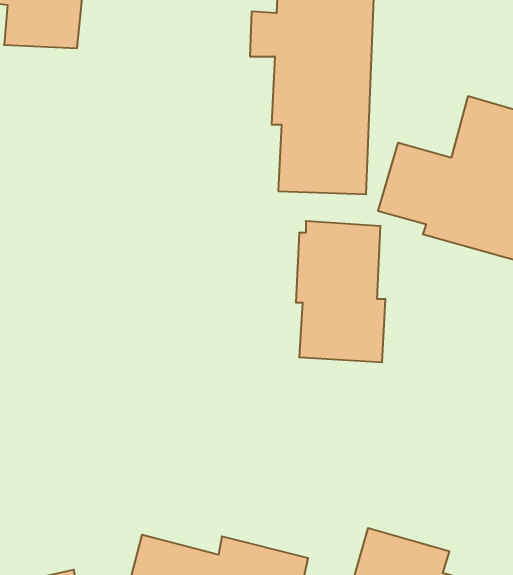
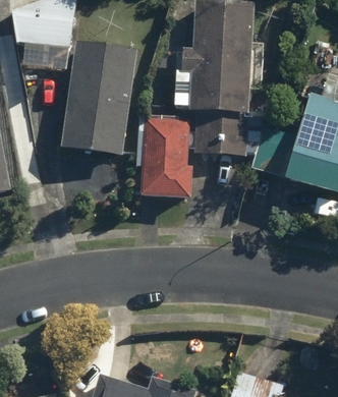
building: none -> [64,44,135,159]
building: [296,221,386,362] -> [138,116,193,203]

